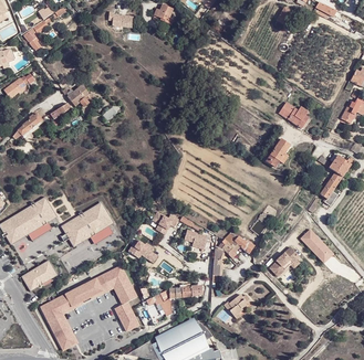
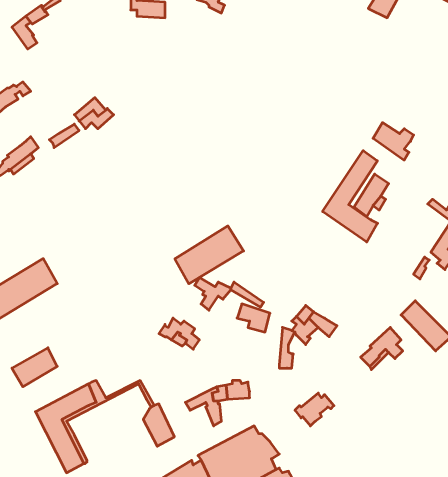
building: none -> [323,151,378,242]
building: [63,203,112,244] -> [175,226,244,284]
building: [83,265,136,301] -> none

